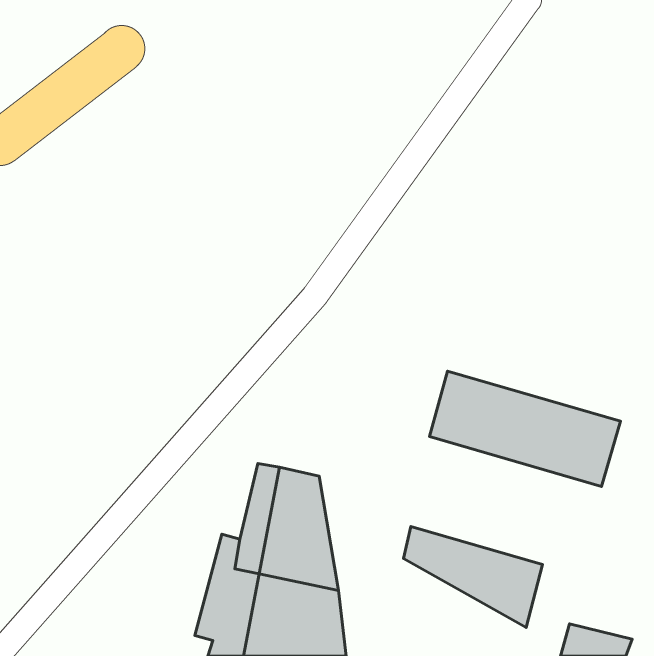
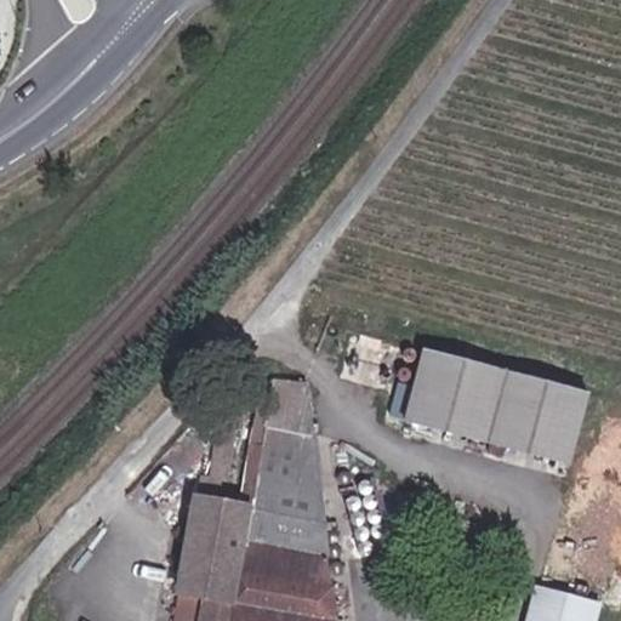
building: [403,527,543,628] -> none

